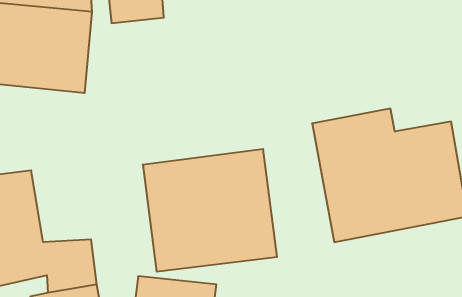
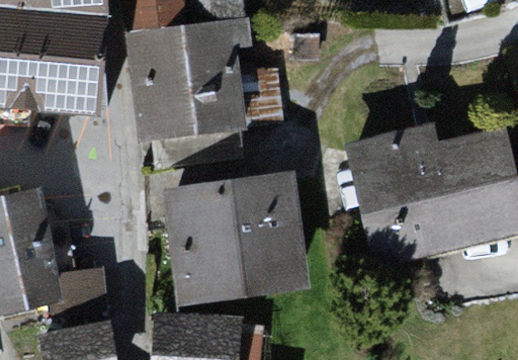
building: none -> [127,19,244,140]

